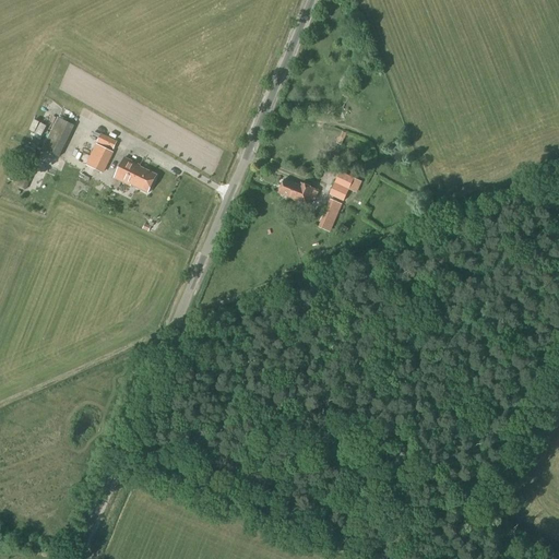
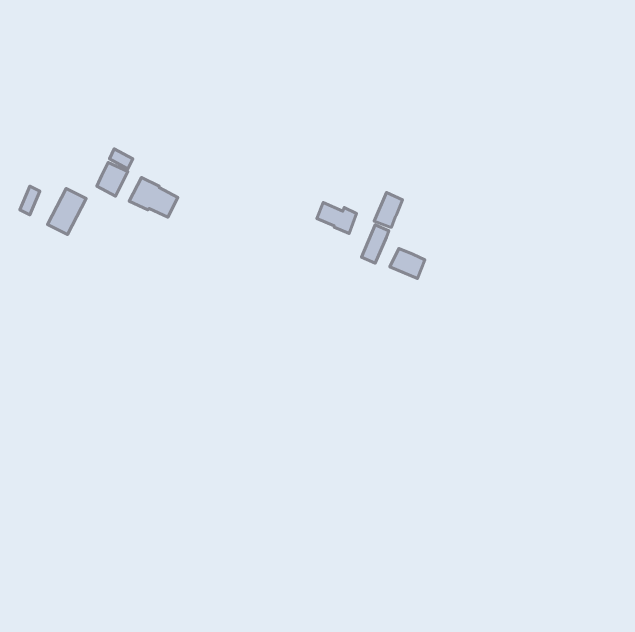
building: [41,116,75,156] -> [47,188,86,234]
building: none -> [390,248,425,279]

